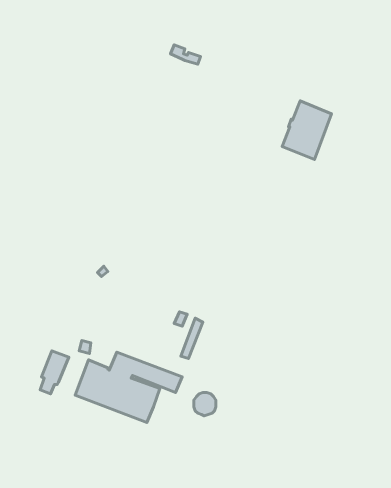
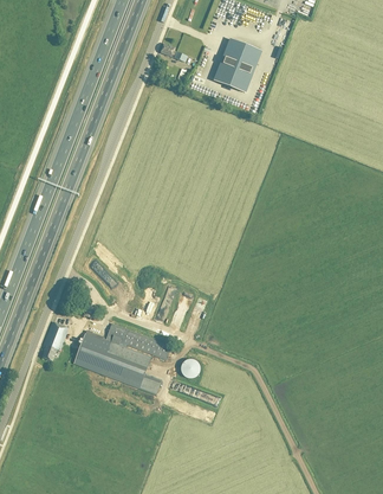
building: [282,101,331,159] -> [214,39,259,92]

